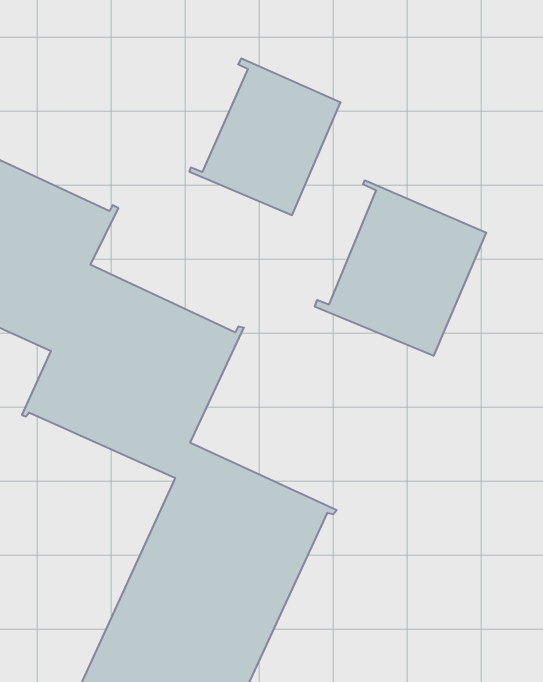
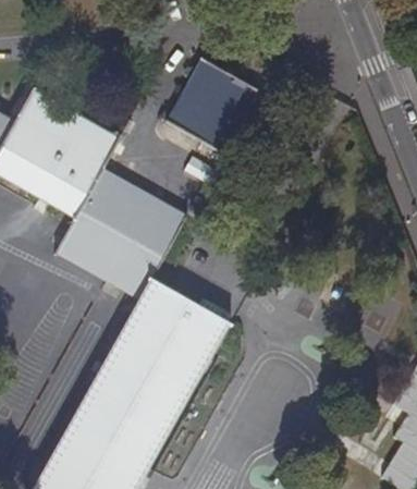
building: [315,180,486,356] -> none

